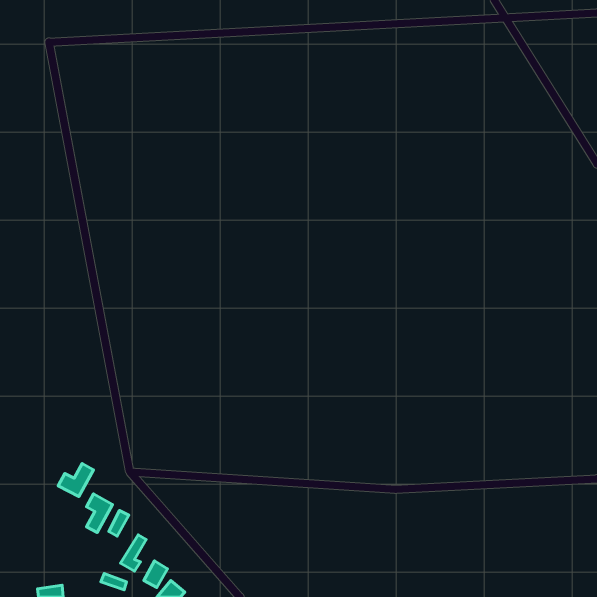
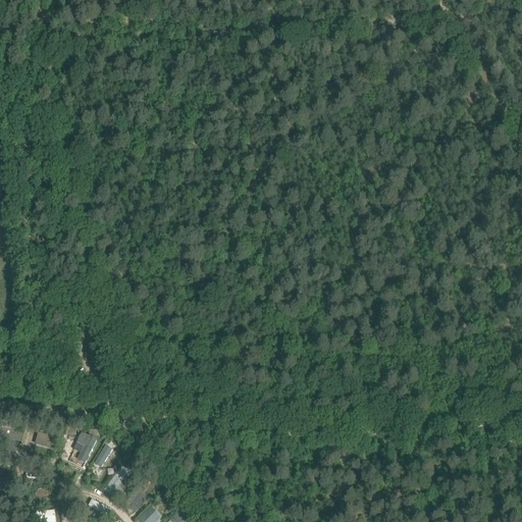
building: [58,464,94,497] -> none

